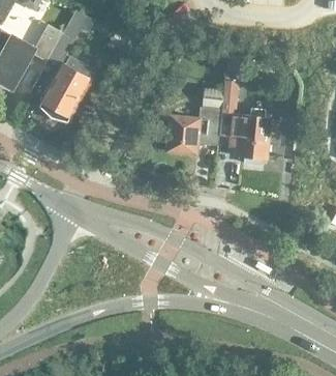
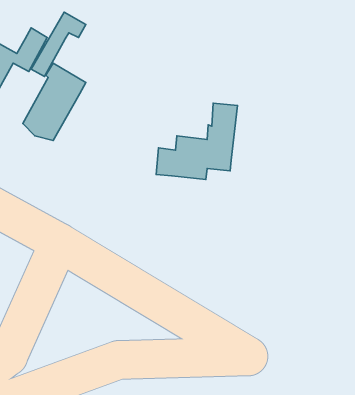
building: [218,81,270,161] -> none

